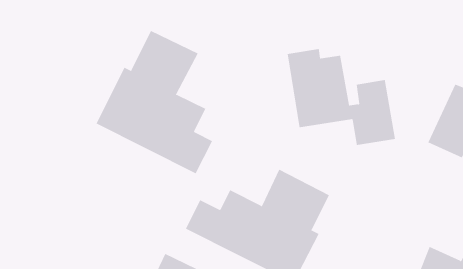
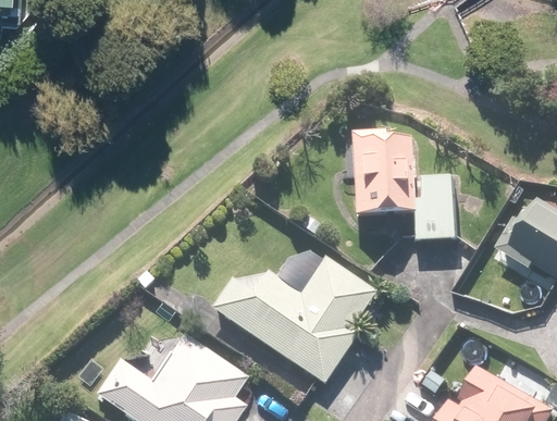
building: [96,30,213,174] -> none

